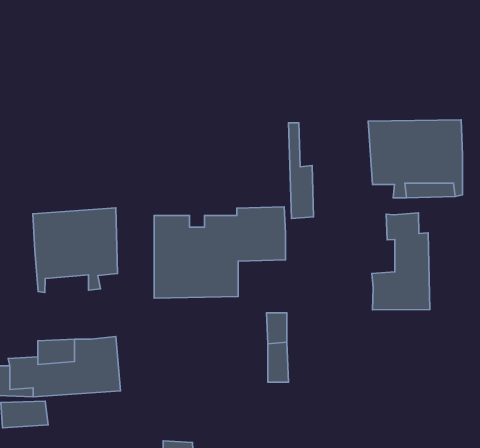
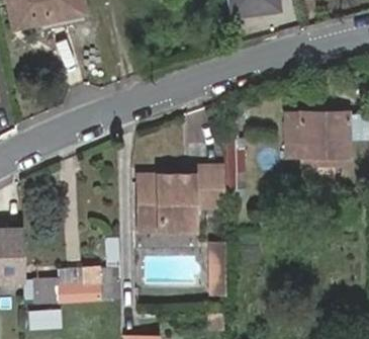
building: [33,208,118,292] -> none
building: [372,213,430,310] -> none

